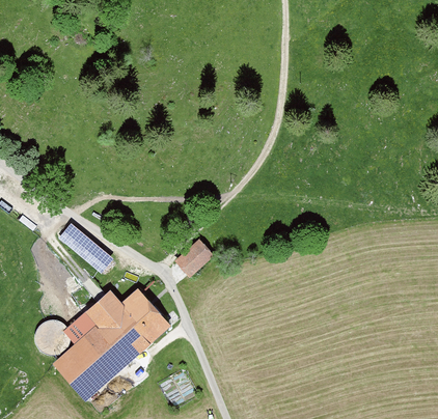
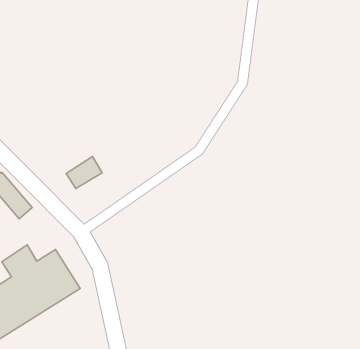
building: [177,240,211,272] -> [66,157,102,189]

